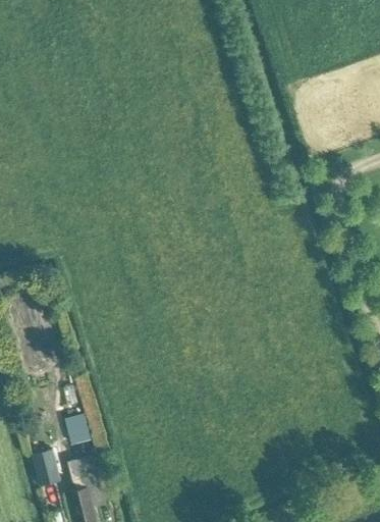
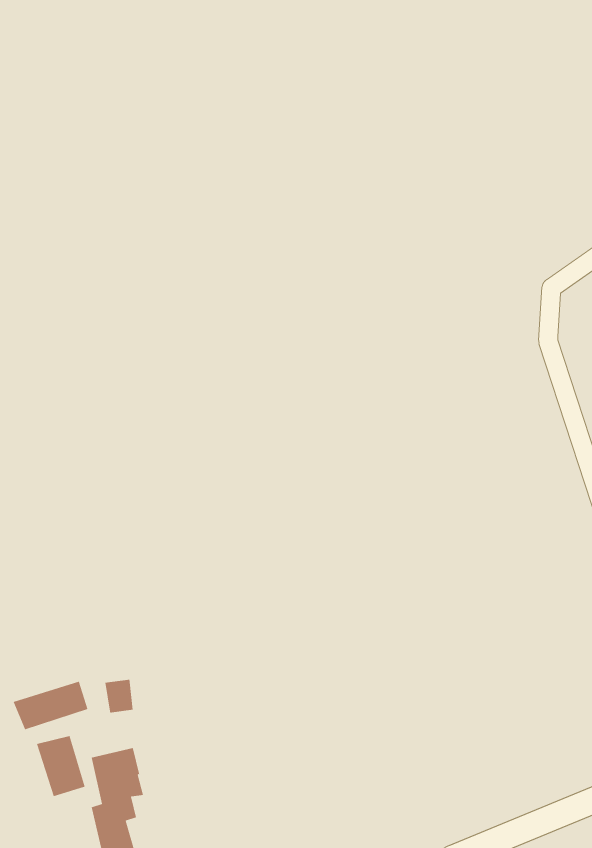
building: none -> [13,681,88,730]

